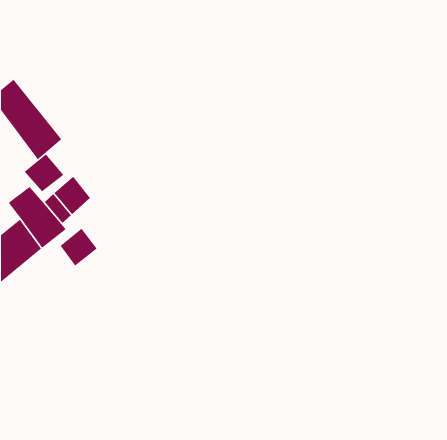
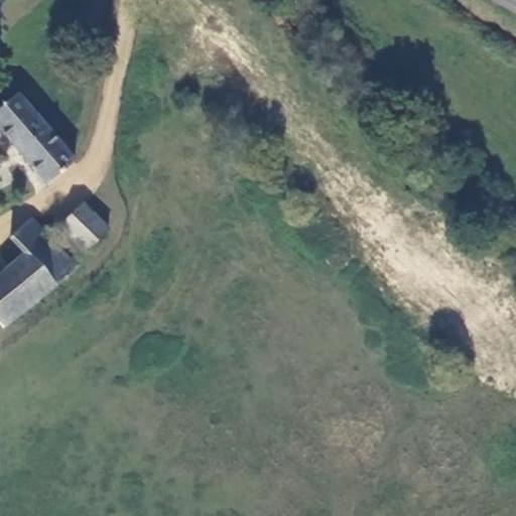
building: [24,153,64,192] -> none
building: [60,228,98,267] -> none

